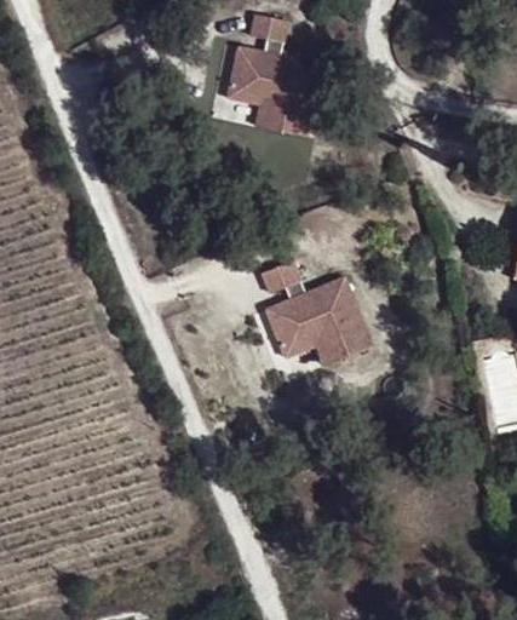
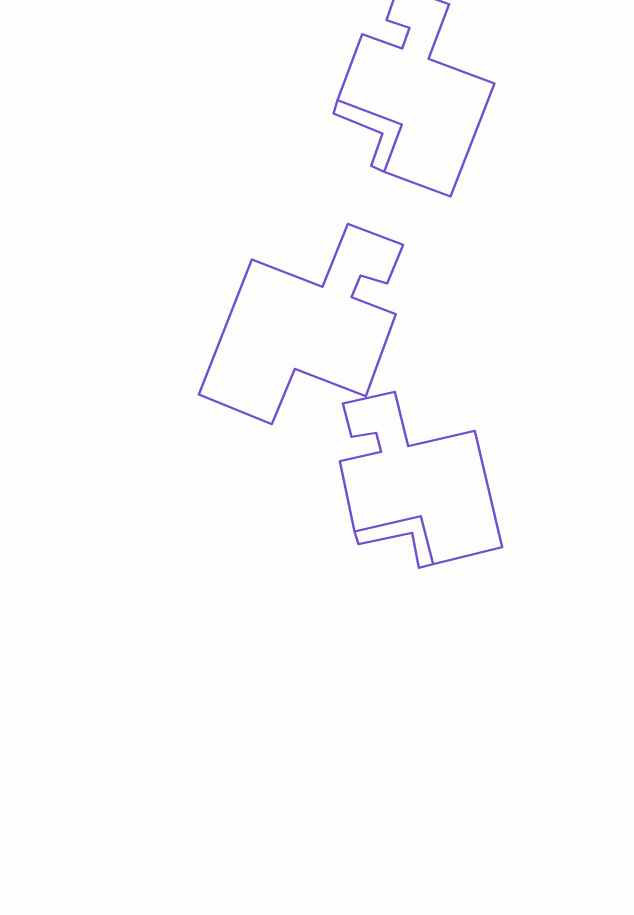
building: none -> [199,224,403,424]

